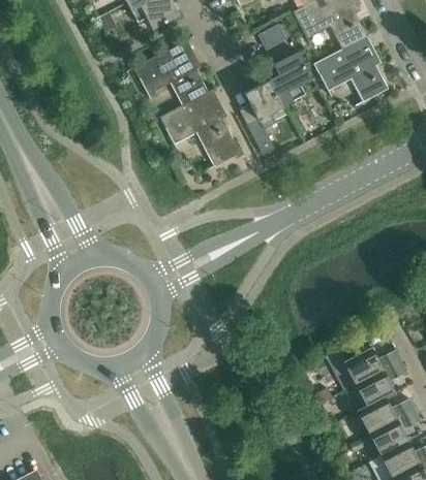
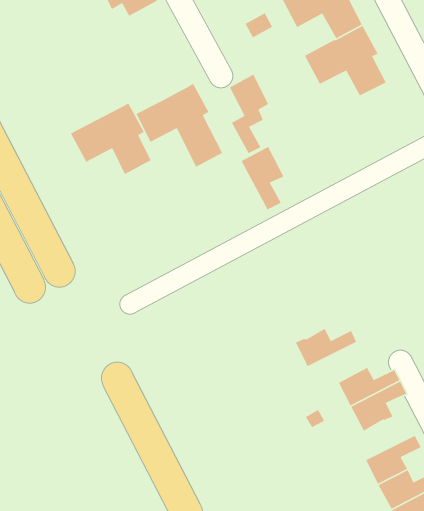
building: [133,40,208,106] -> [70,103,152,175]
building: [268,53,313,108] -> none
building: none -> [241,146,285,210]
building: [358,396,415,433] -> [295,328,357,367]

